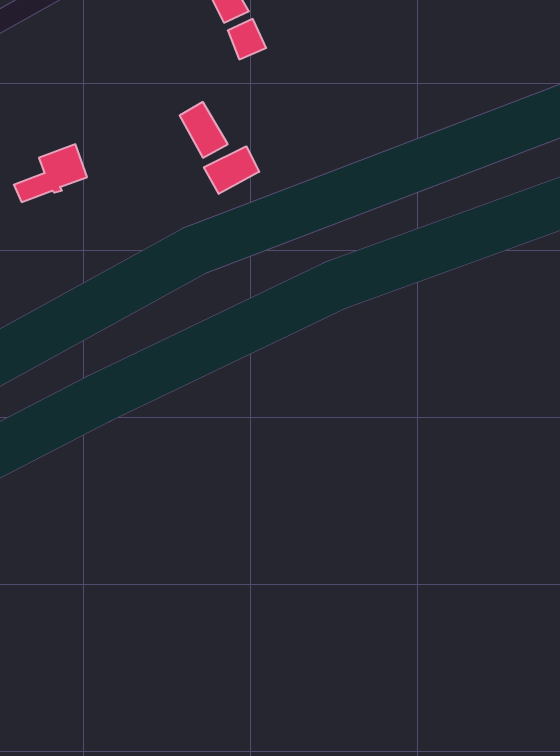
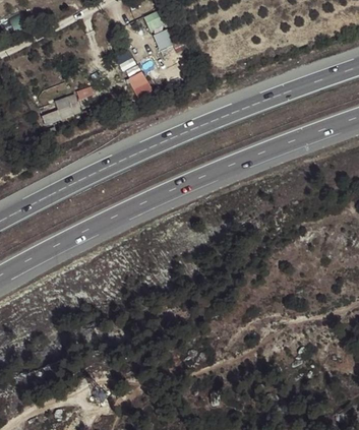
building: [204,146,259,194] -> none

